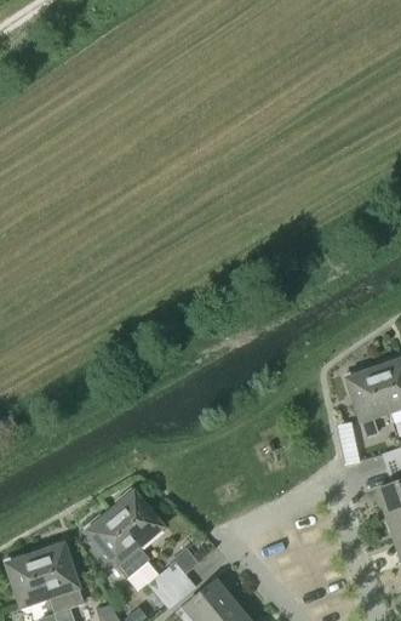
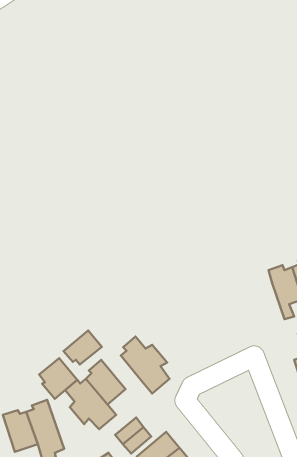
building: none -> [64,331,102,364]
building: none -> [121,337,170,393]
building: none -> [39,358,77,399]

